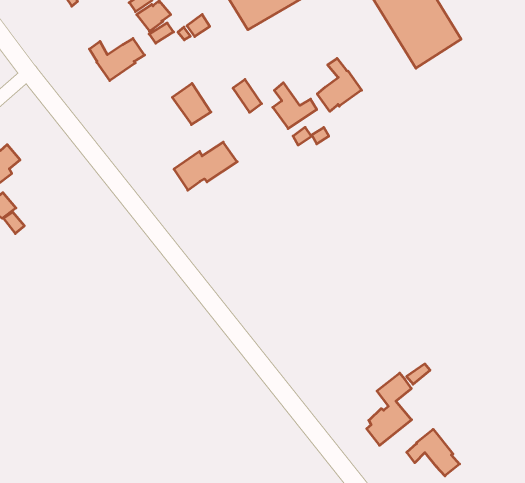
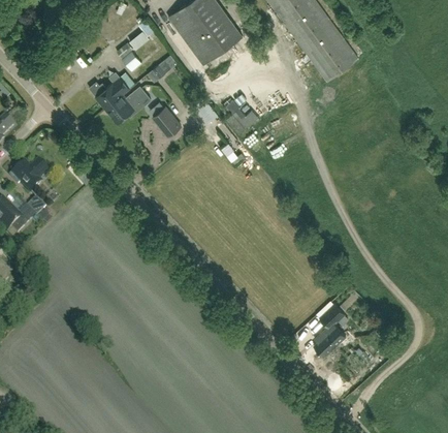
building: [317,58,362,111] -> none
building: [174,142,237,190] -> [105,86,151,123]
building: [407,429,460,476] -> none

